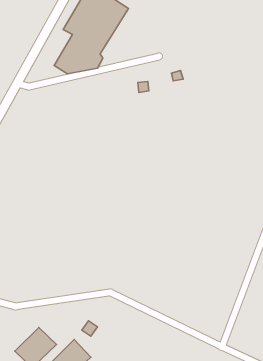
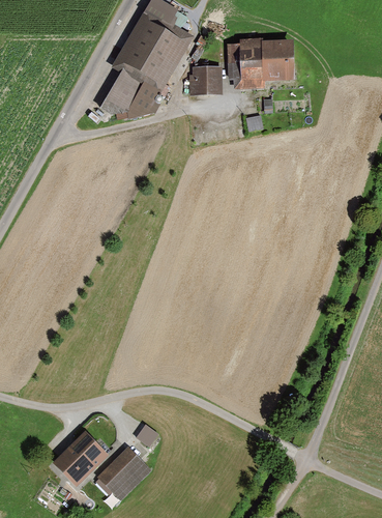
building: none -> [229,39,293,86]
building: none -> [192,66,223,93]

